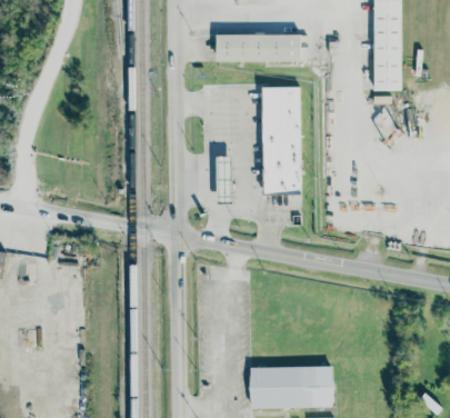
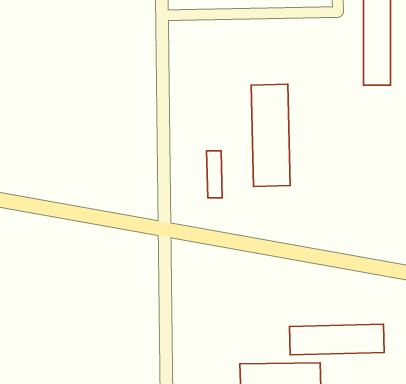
building: [217,34,301,60] -> none
building: none -> [290,324,384,355]

